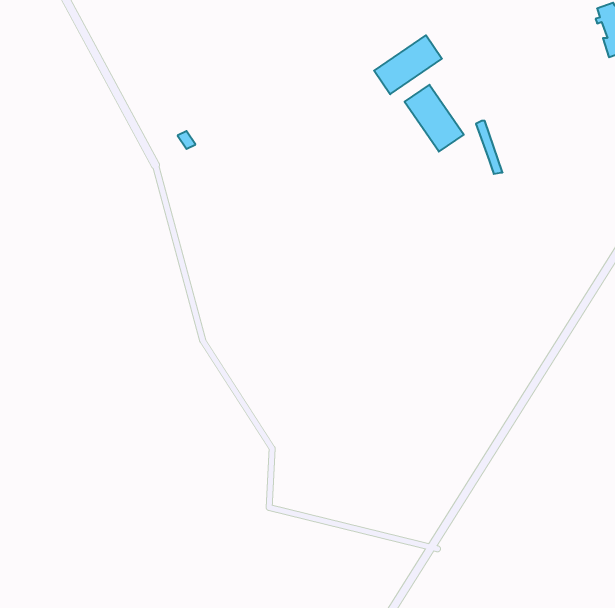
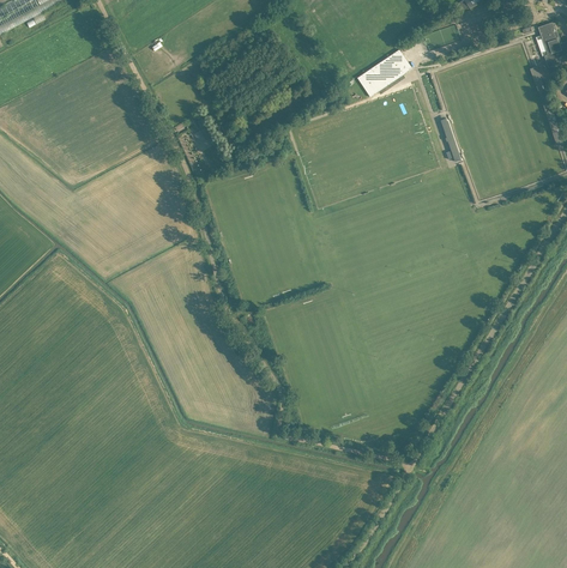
building: [405,85,464,152] -> none

